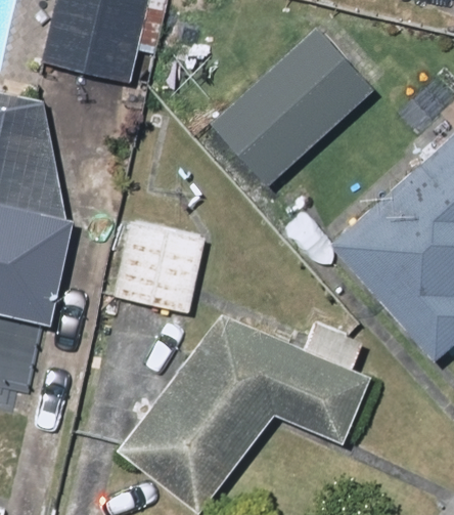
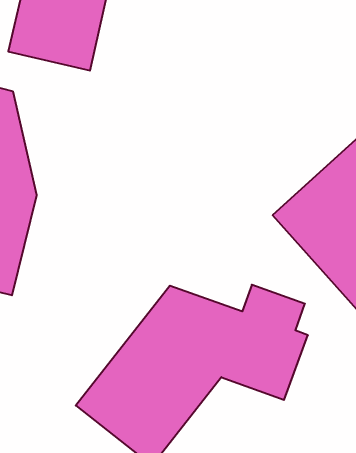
building: [208,26,374,186] -> none
building: [107,219,202,318] -> none

